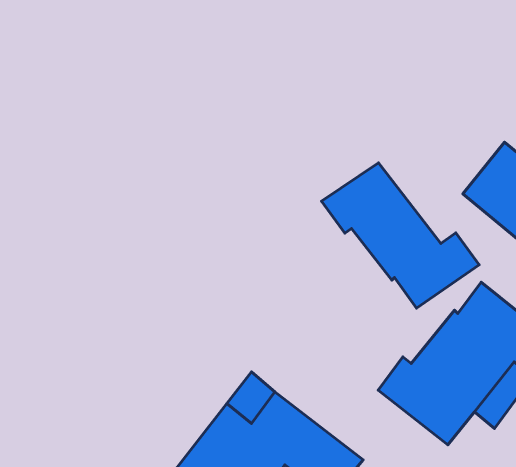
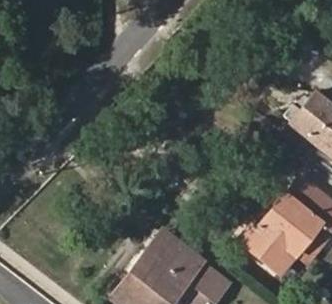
building: [321,163,479,308] -> none

